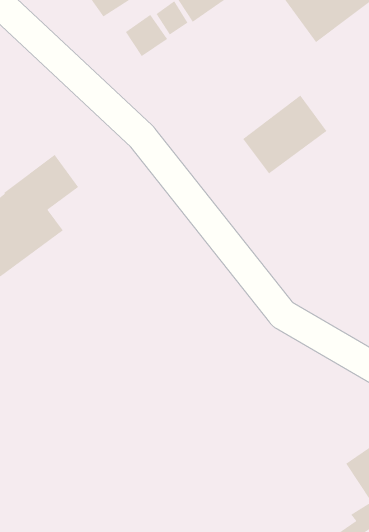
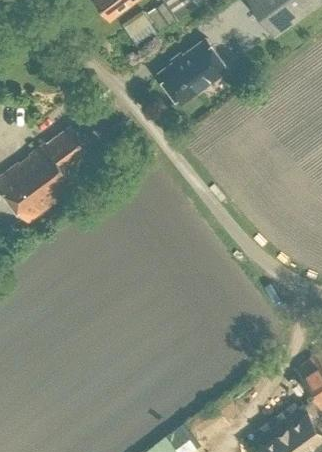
building: [242,94,327,175] -> [158,40,225,103]

